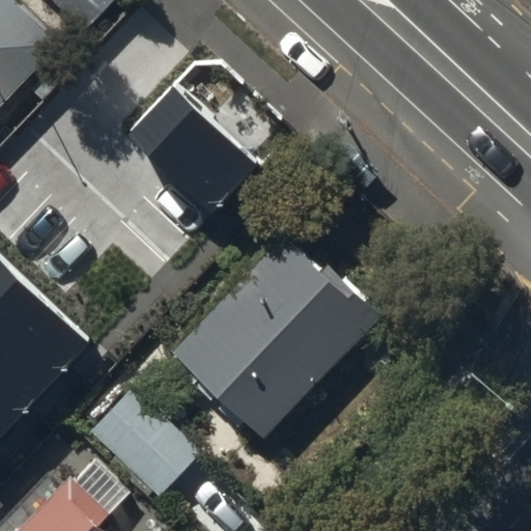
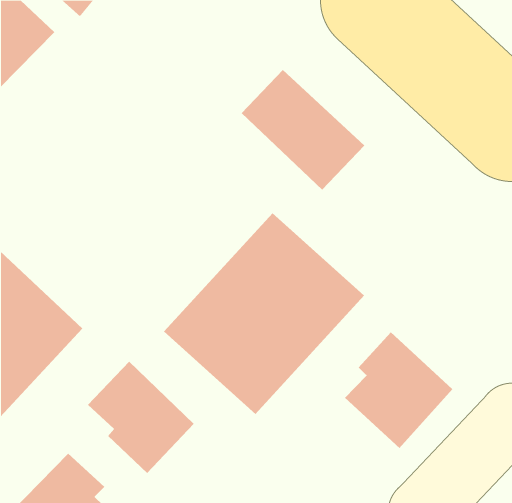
building: [132,93,260,219] -> [241,69,365,190]
building: none -> [344,332,453,449]

